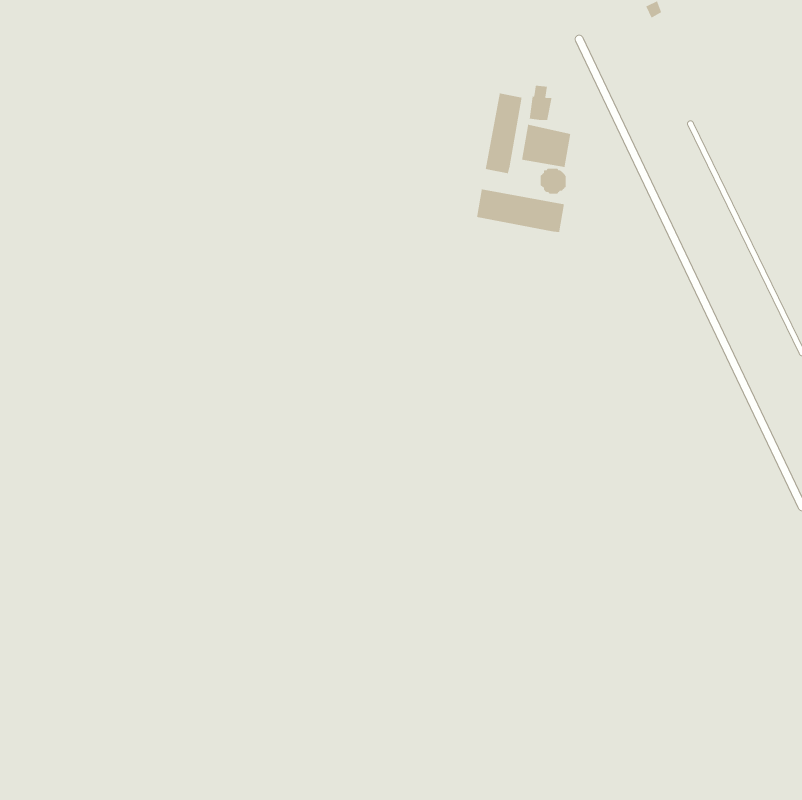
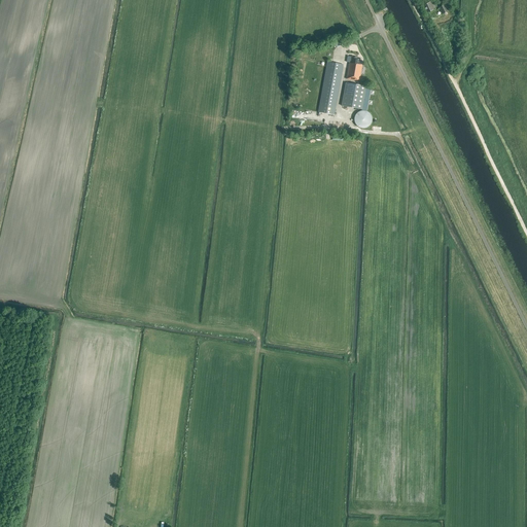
building: [476,189,565,233] -> none

